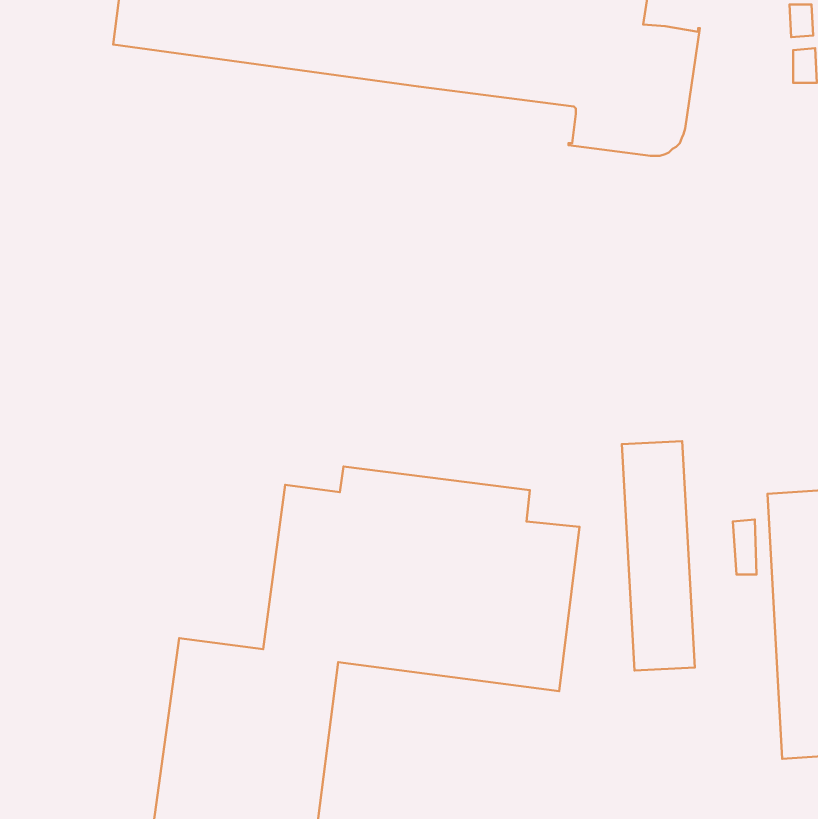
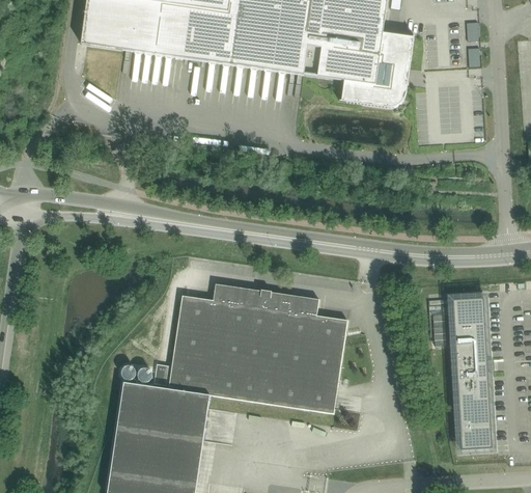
building: [622,441,695,670] -> none

